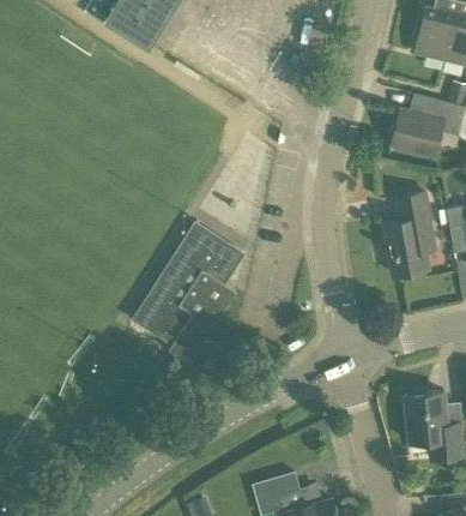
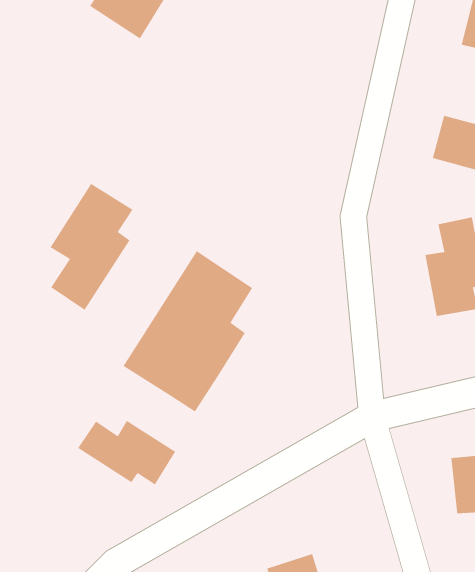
building: none -> [50,183,134,311]
building: none -> [77,420,176,485]

